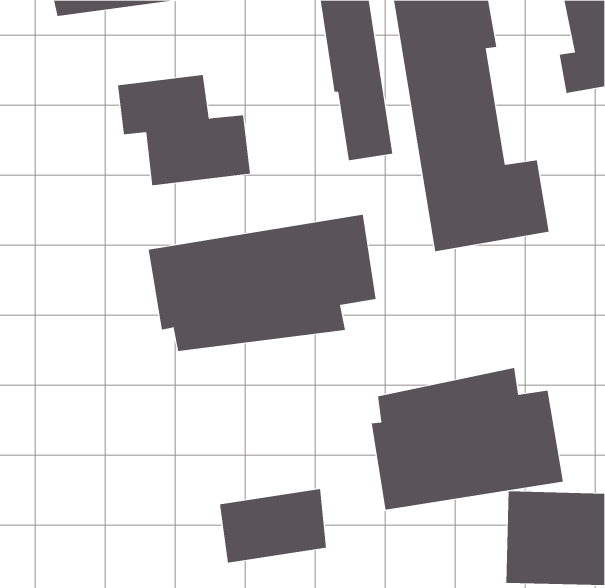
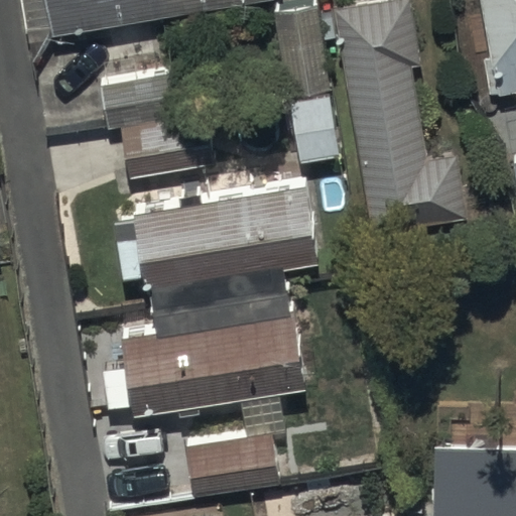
building: none -> [124,295,309,417]
building: [371,367,564,510] -> none

